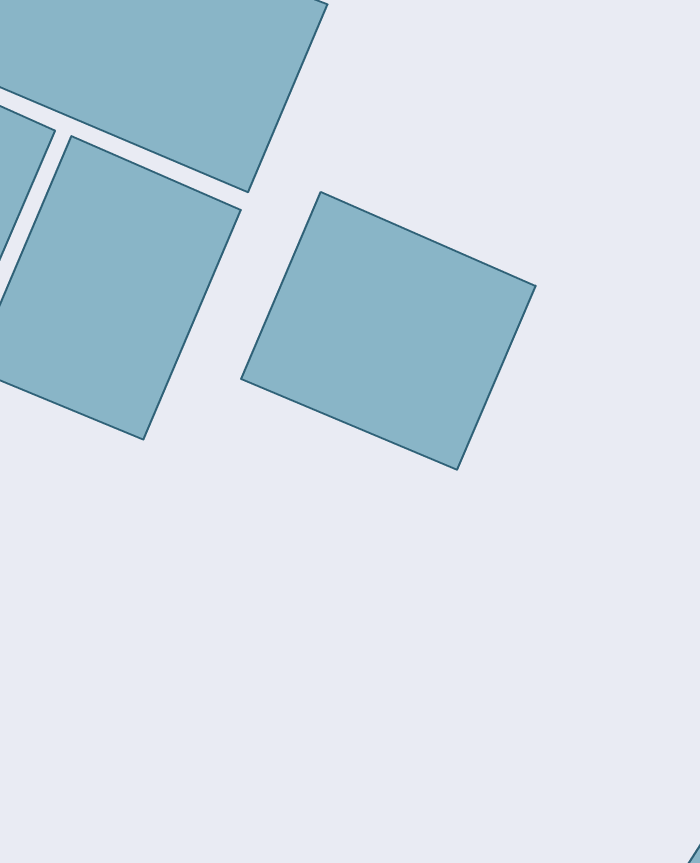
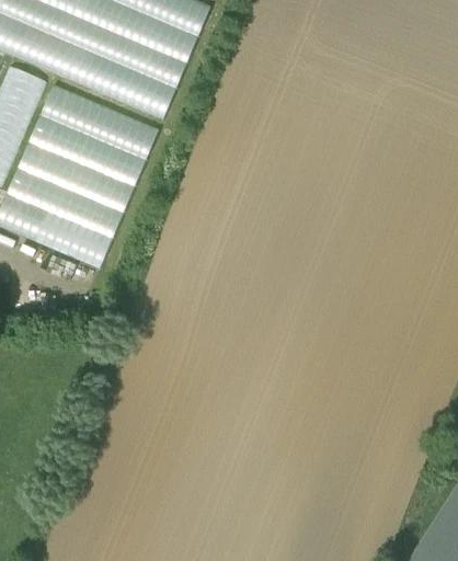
building: [241,192,536,470] -> none

